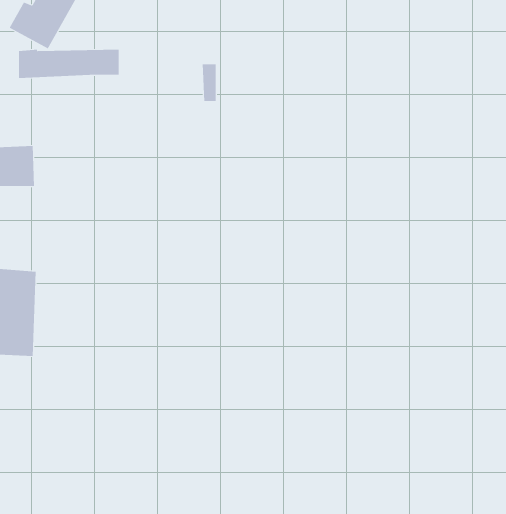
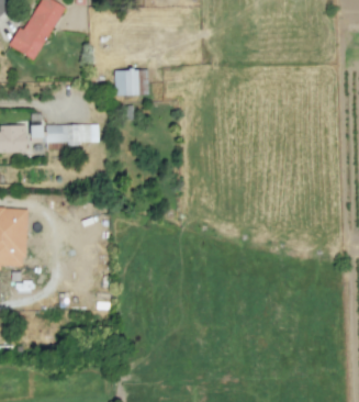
building: [18,49,120,78] -> [30,124,98,144]
building: none -> [114,69,137,96]

